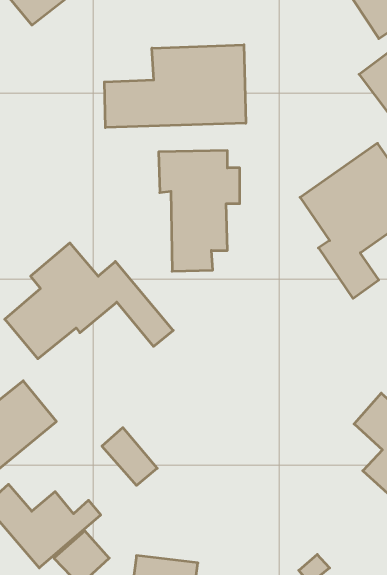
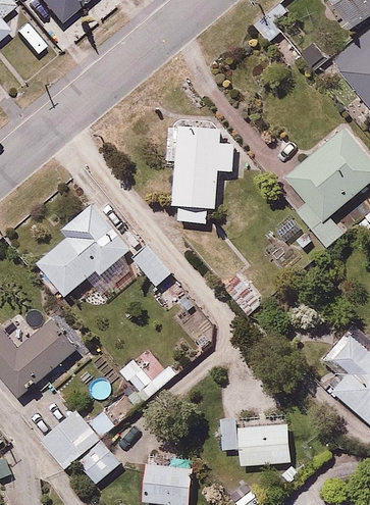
building: [104,45,246,128] -> none
building: none -> [219,414,290,465]

